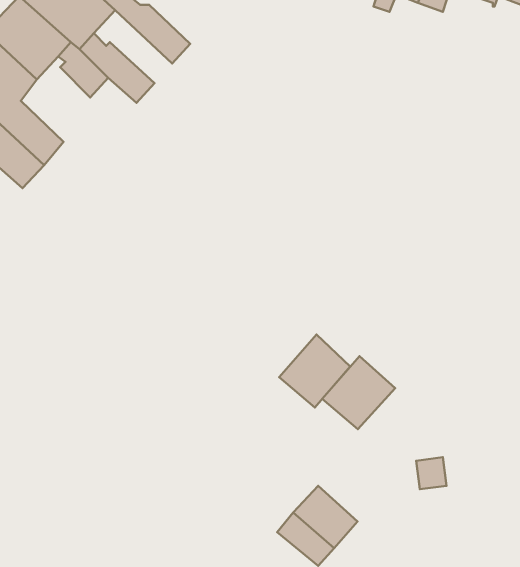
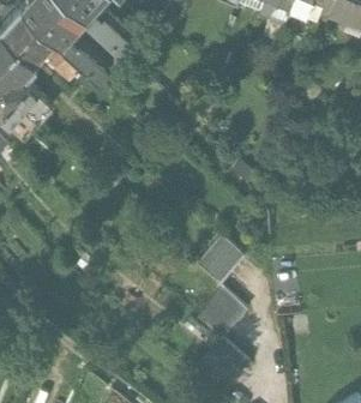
building: [322,356,395,429] -> [199,290,248,339]

